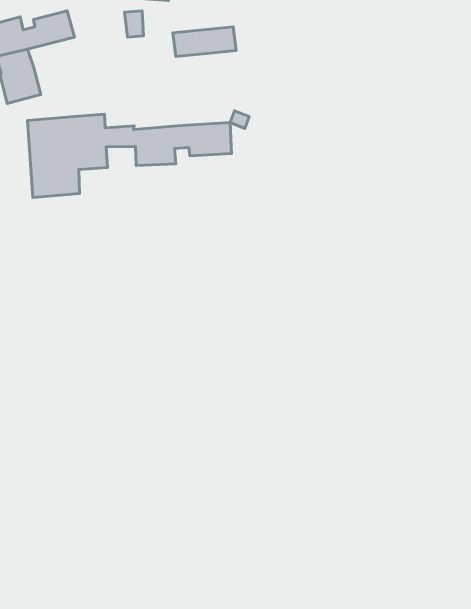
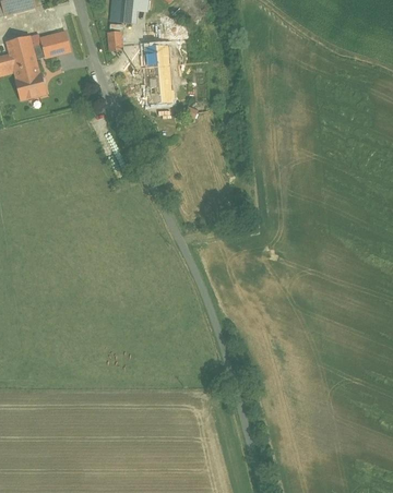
building: none -> [146,62,172,104]
building: [28,114,231,198] -> none

